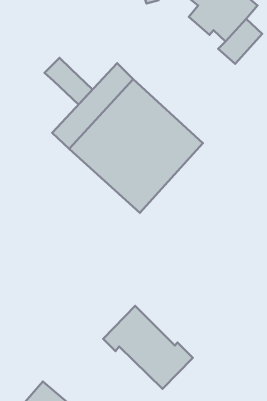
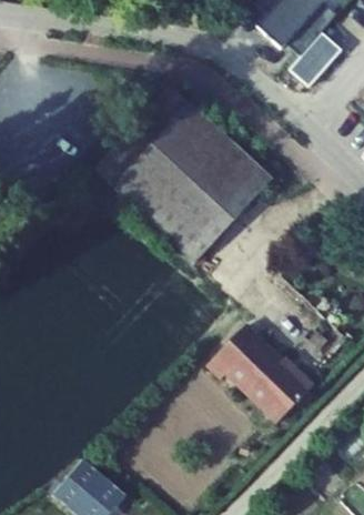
building: [45,58,93,105] -> none
building: [103,306,193,389] -> [209,324,314,422]

